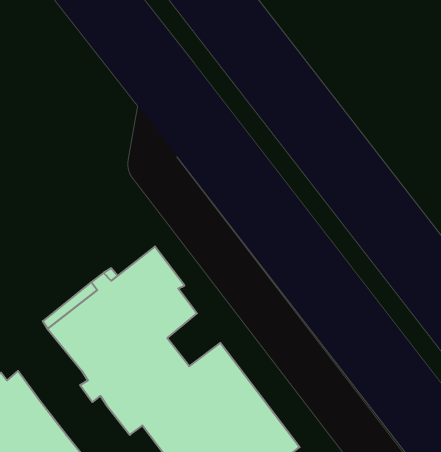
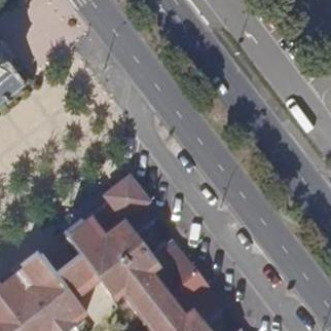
building: none -> [54,260,99,302]

